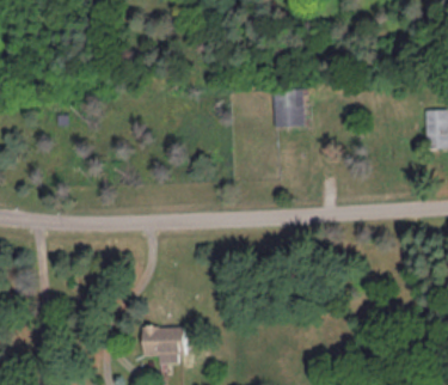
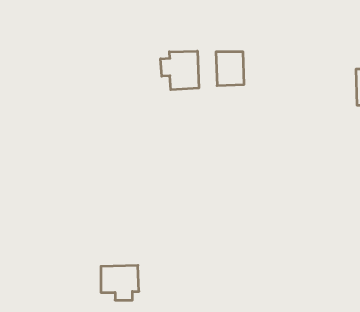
building: none -> [161,51,199,90]

